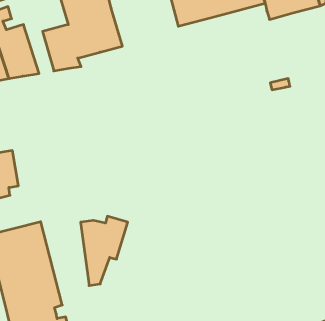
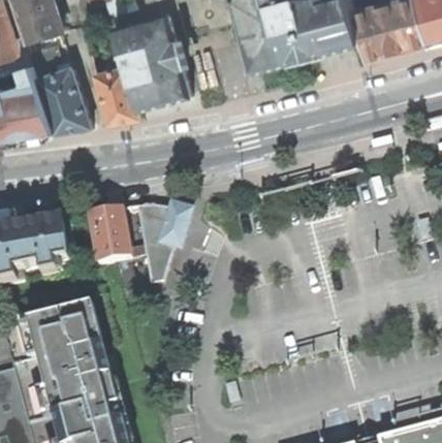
building: none -> [87,210,130,263]
building: [81,216,128,286] -> [137,199,194,283]

